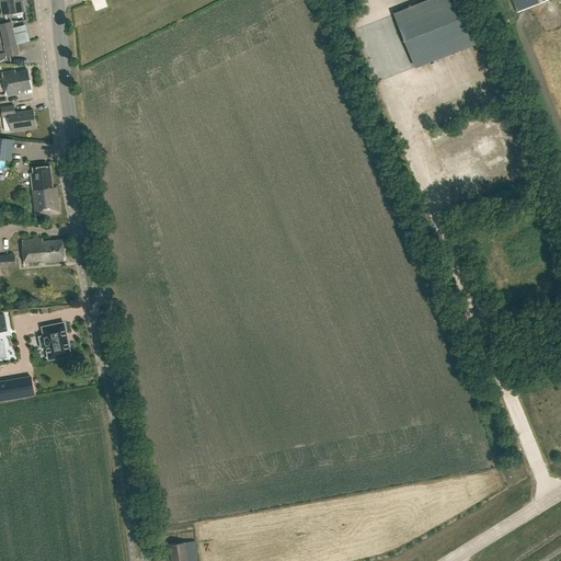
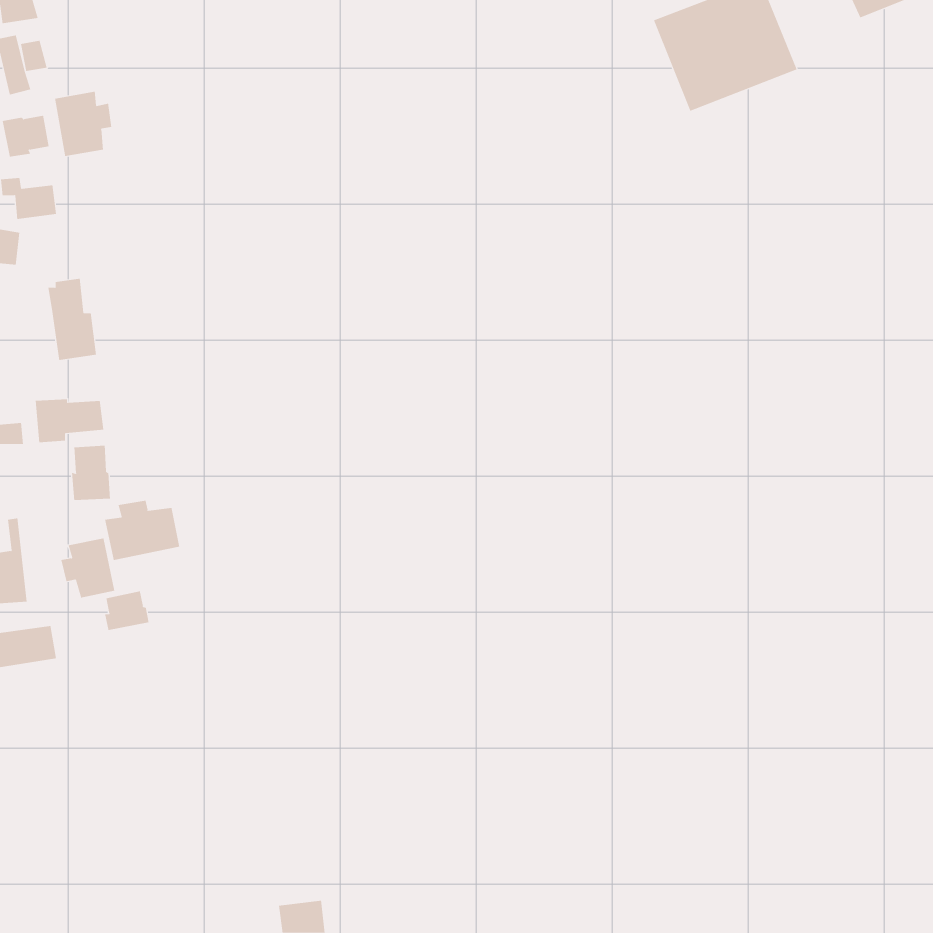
building: none -> [55,91,112,157]
building: none -> [72,445,111,501]
building: none -> [105,500,180,561]
building: none -> [104,591,149,631]

